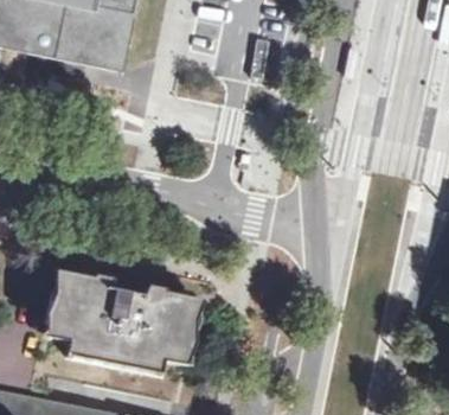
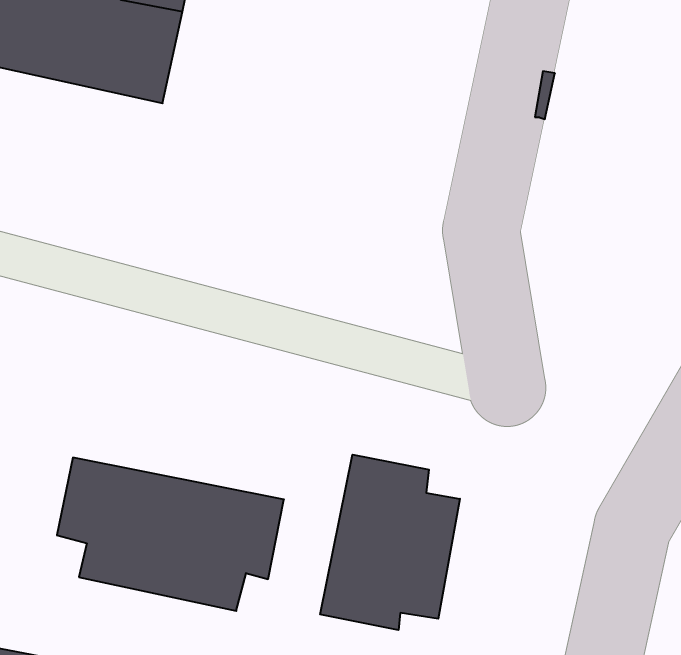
building: none -> [320,455,460,630]

